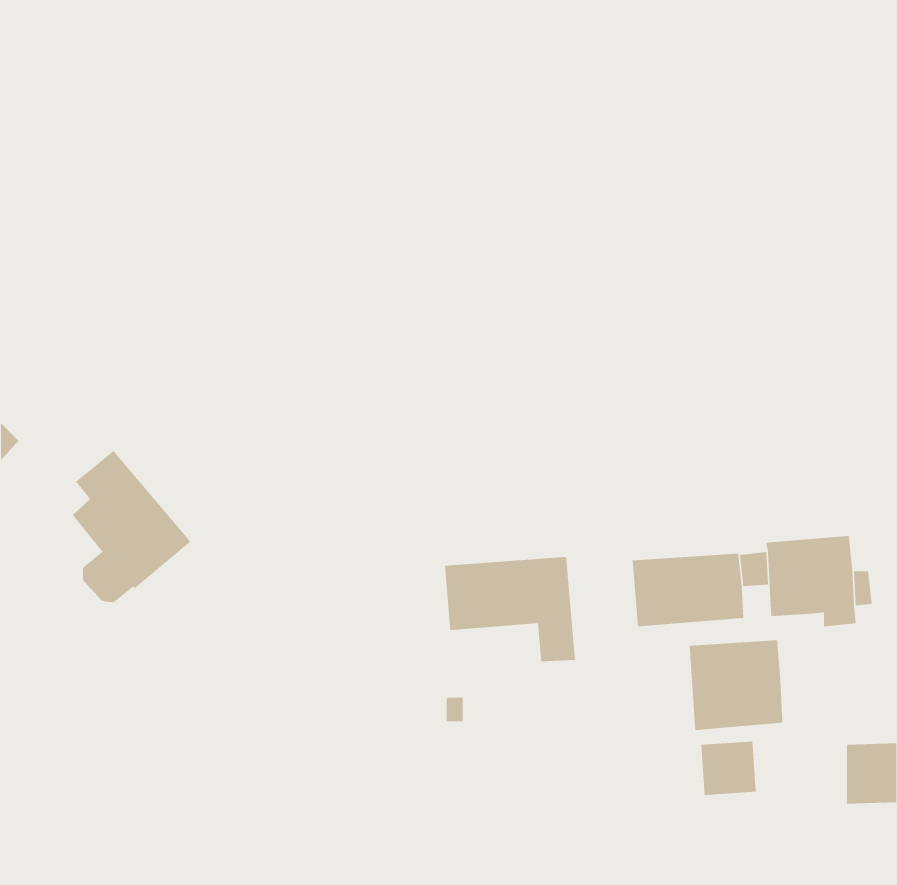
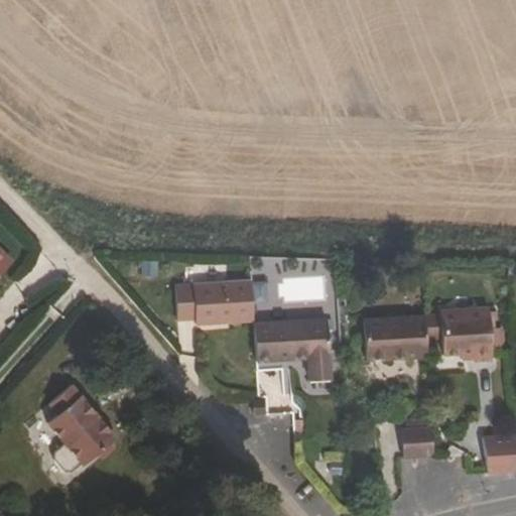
building: [72,450,191,603] -> [45,379,114,467]
building: none -> [176,282,255,325]
building: [689,640,783,731] -> none

